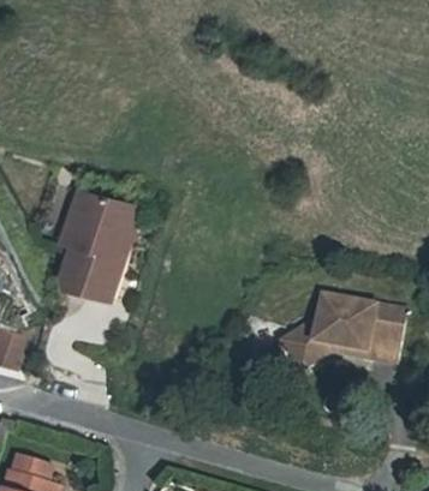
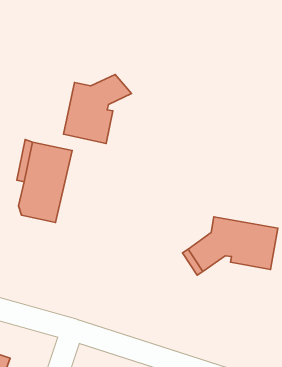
building: none -> [63,74,131,143]

